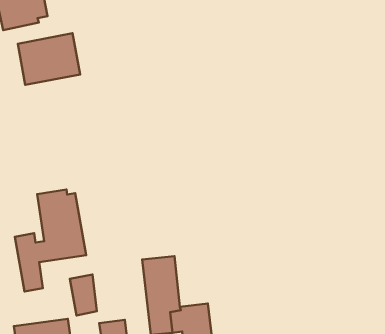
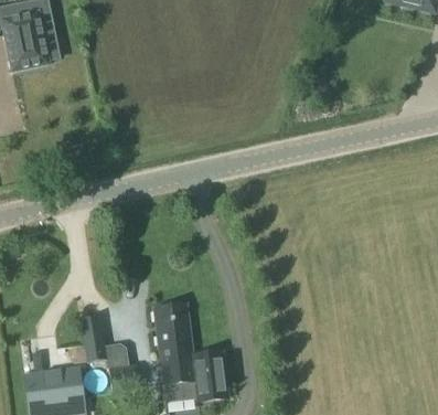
building: [18,33,80,85] -> none
building: [15,190,86,292] -> none

